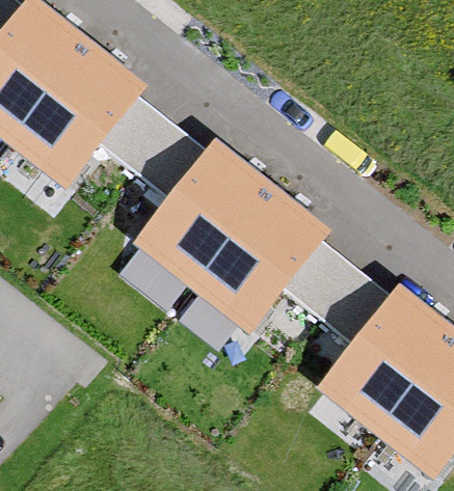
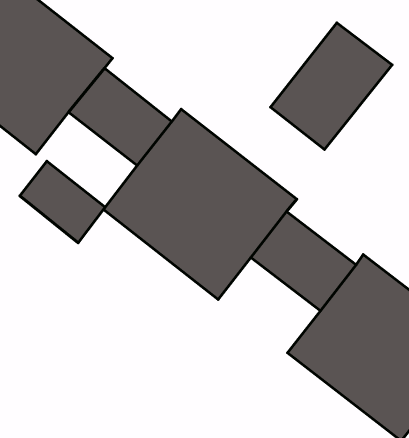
building: none -> [271,23,392,150]
building: none -> [20,161,105,243]

